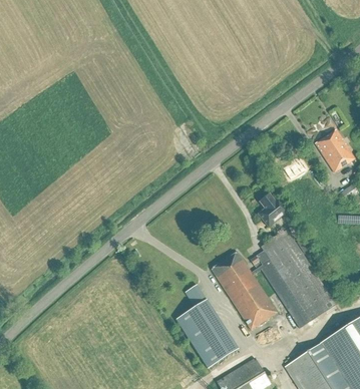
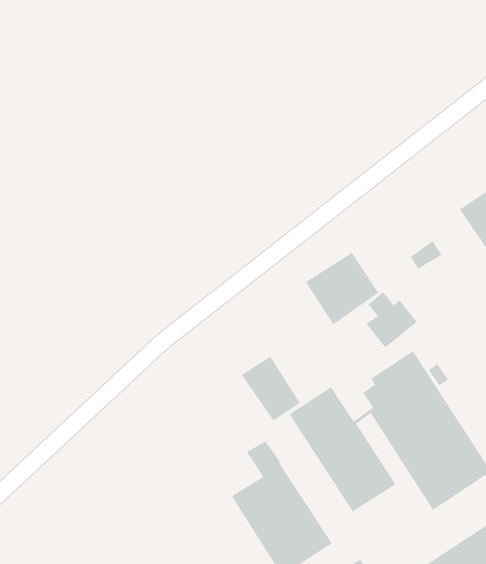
building: none -> [305,252,379,325]
building: none -> [241,356,301,422]

